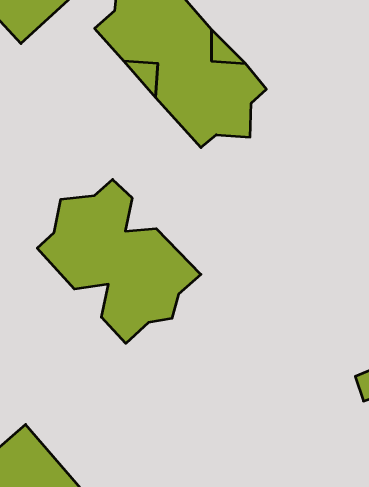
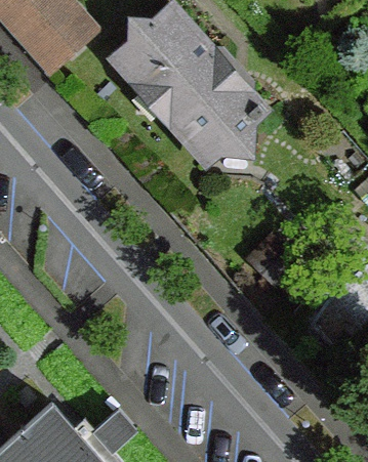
building: [37,179,201,343] -> none

